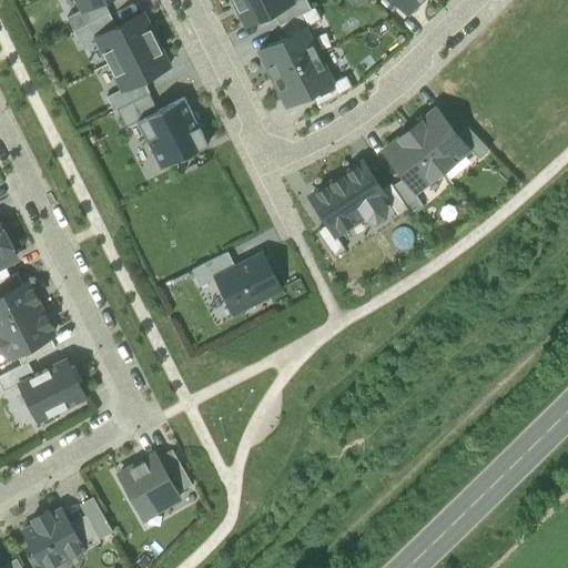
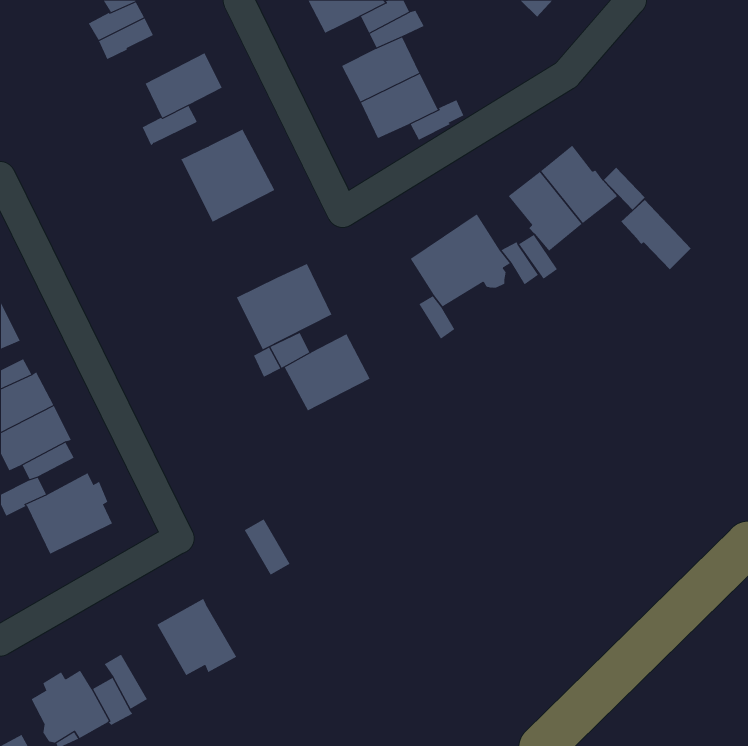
building: [97,14,155,64] -> none
building: [116,94,158,129] -> none
building: none -> [620,199,692,270]
building: none -> [236,263,332,350]
building: [156,450,192,494] -> [244,519,291,576]

